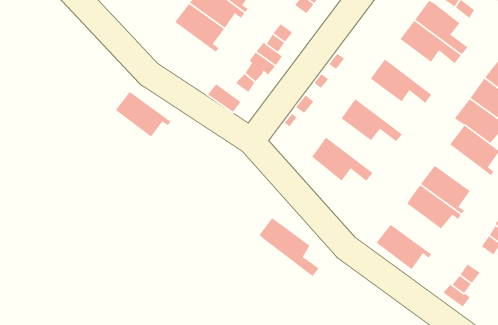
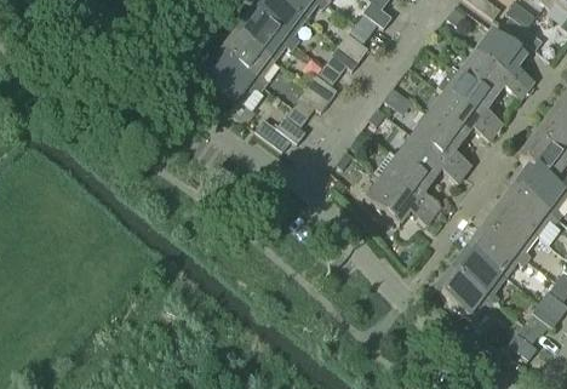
building: none -> [445,71,503,131]
building: none -> [413,114,471,173]
building: [115,91,171,137] -> [204,53,264,103]
building: none -> [498,184,559,234]
building: none -> [451,247,505,302]
building: [258,217,320,277] -> [374,150,440,214]

